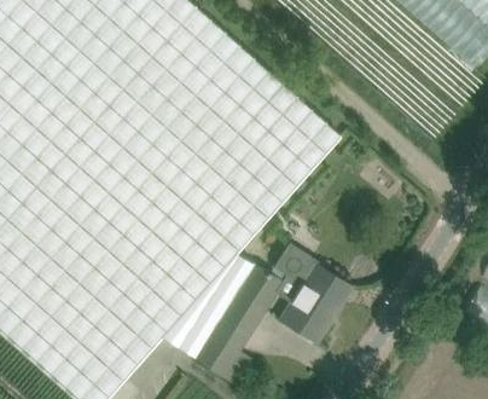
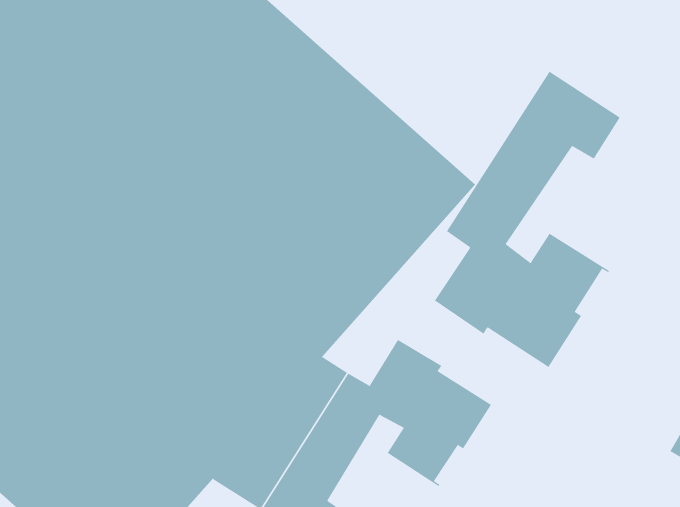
building: none -> [434,71,620,368]

